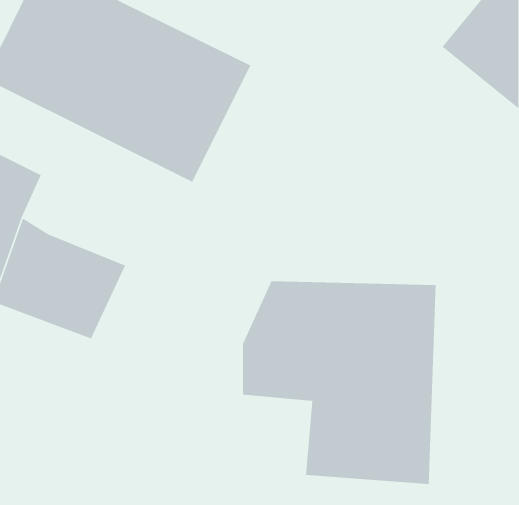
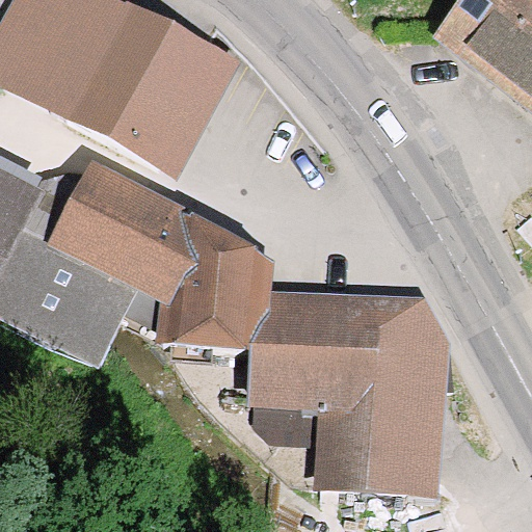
building: none -> [50,158,278,351]

